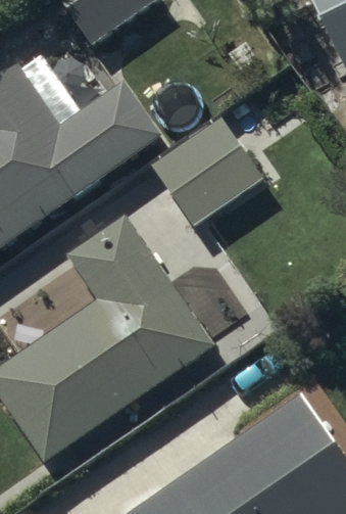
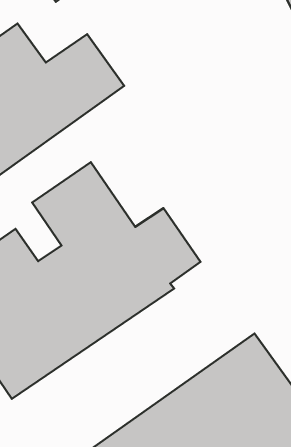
building: [152,120,261,229] -> none

